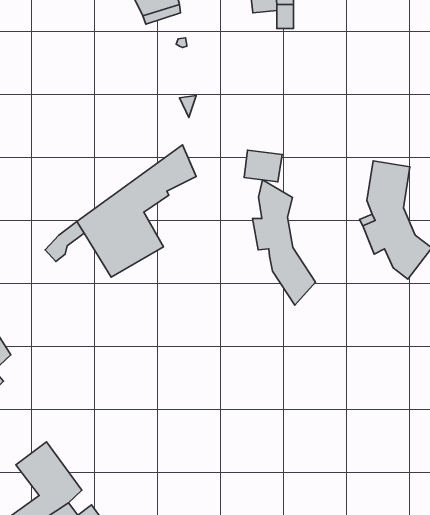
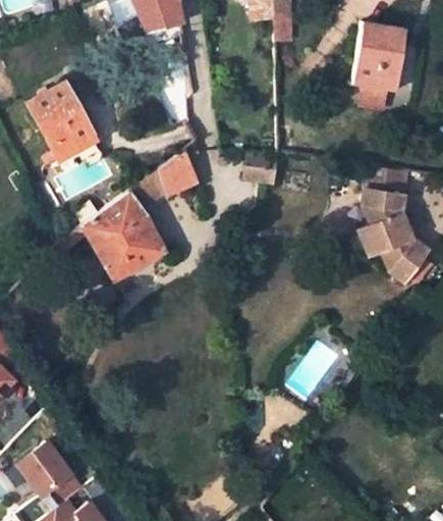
building: none -> [352,22,406,93]
building: none -> [30,85,94,158]
building: [253,180,316,305] -> none

